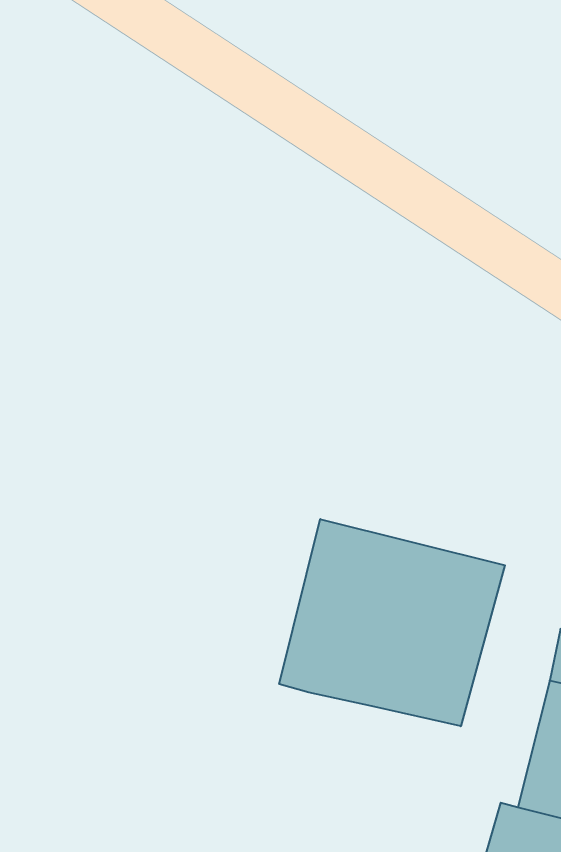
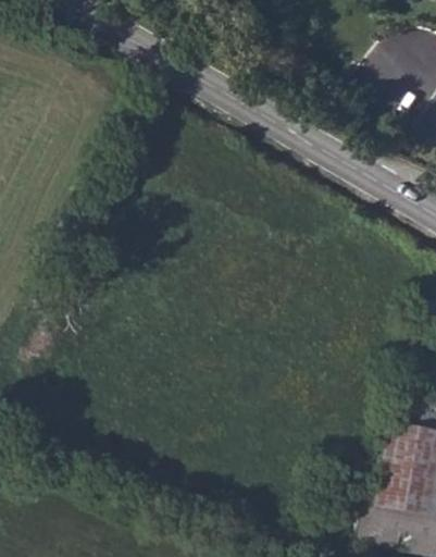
building: [279,519,505,726] -> none

